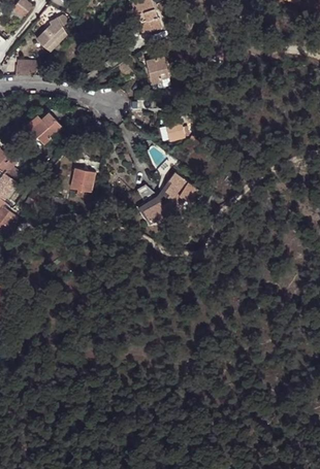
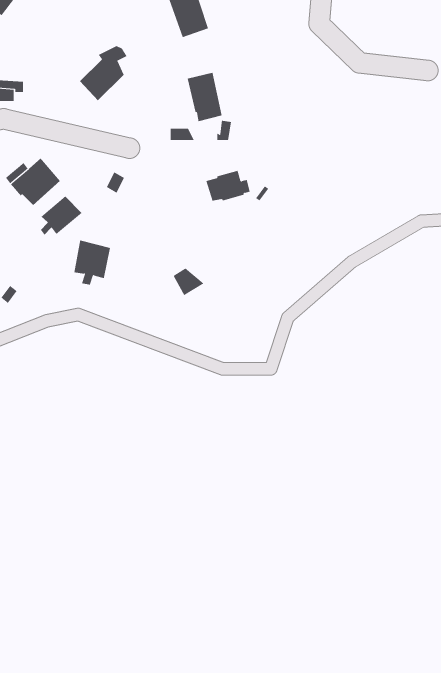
building: [36,15,68,53] -> [79,45,127,101]
building: none -> [40,195,82,235]
building: [142,173,194,224] -> none

